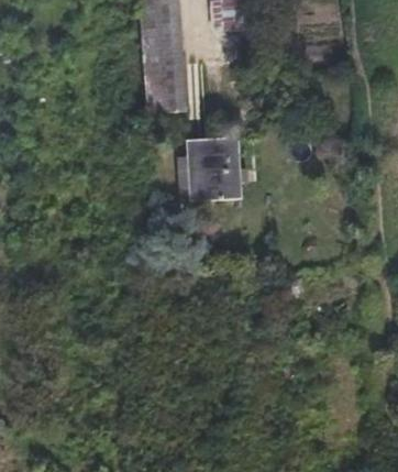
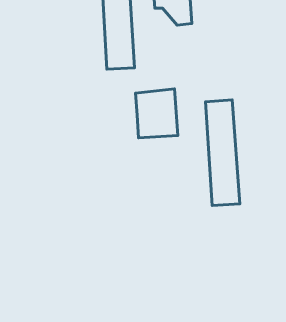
building: none -> [206,100,240,206]

